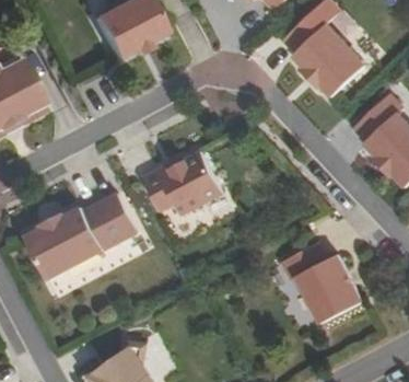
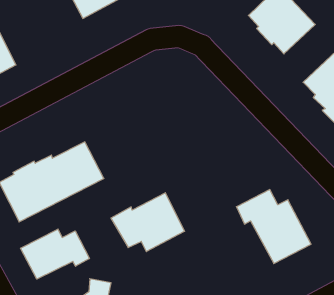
building: [141,151,221,215] -> [111,193,185,252]
building: none -> [21,229,89,279]

